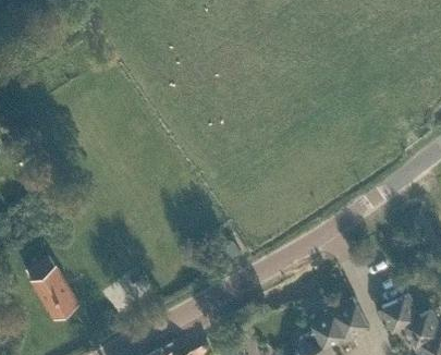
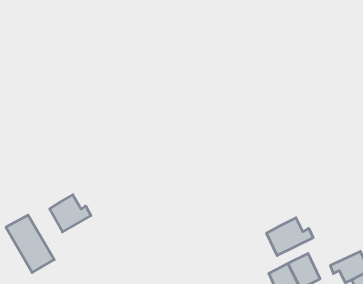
building: none -> [50,195,91,232]
building: none -> [267,218,313,256]

